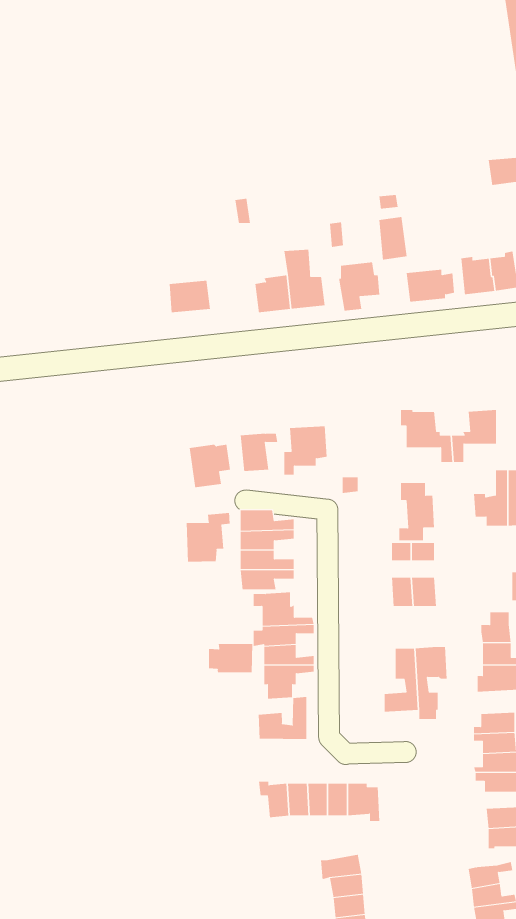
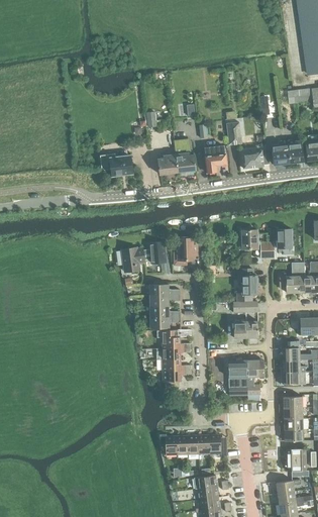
building: [186,512,230,562] -> none
building: [208,643,253,673] -> none
building: [258,696,307,740] -> none

